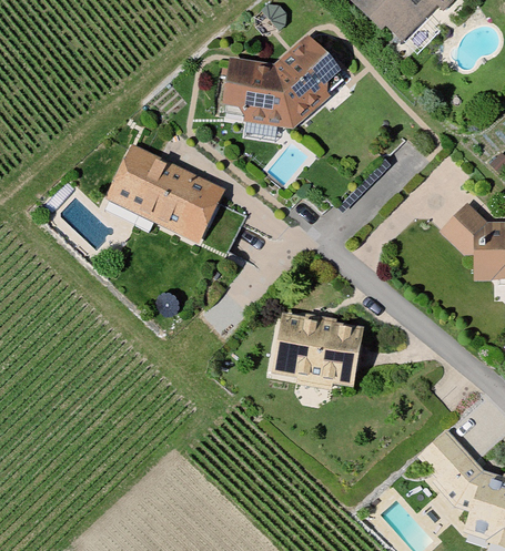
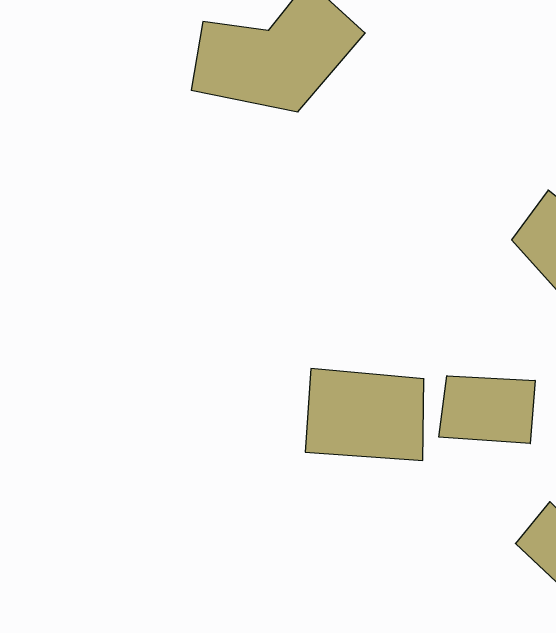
building: [109,139,232,238] -> none
building: none -> [439,376,535,444]

